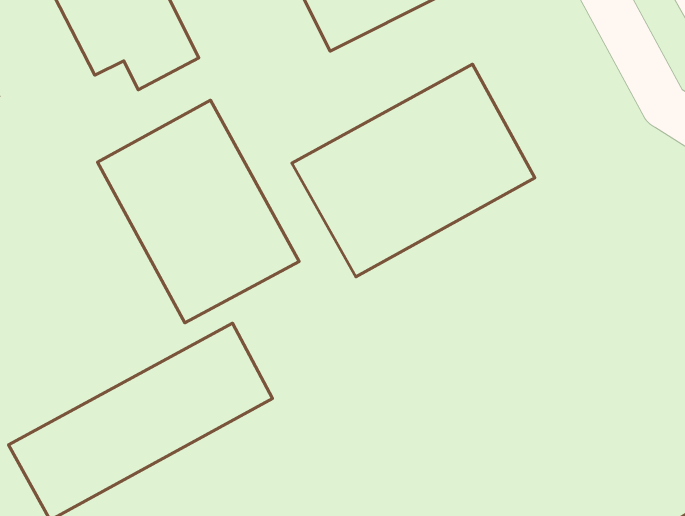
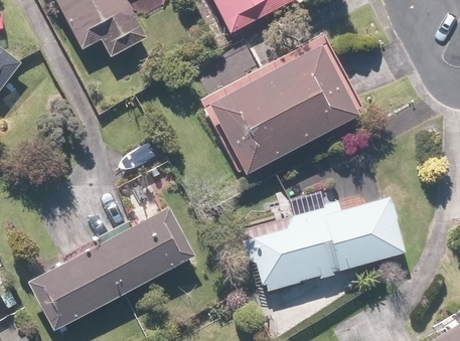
building: [97,100,299,323] -> none
building: none -> [242,194,406,292]

